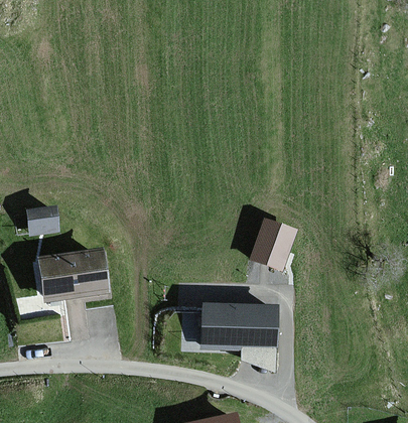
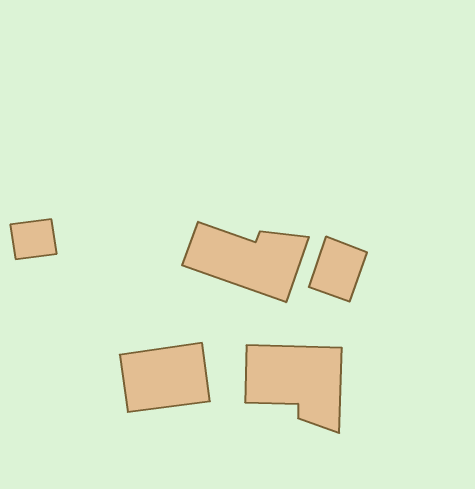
building: none -> [182,222,309,302]
building: [36,249,105,301] -> [120,343,210,412]

